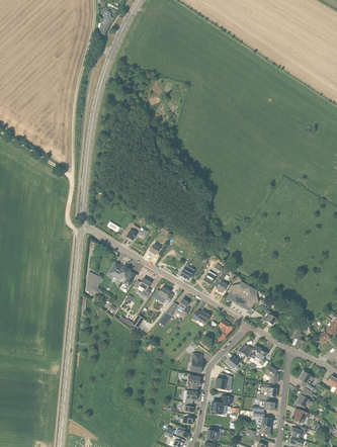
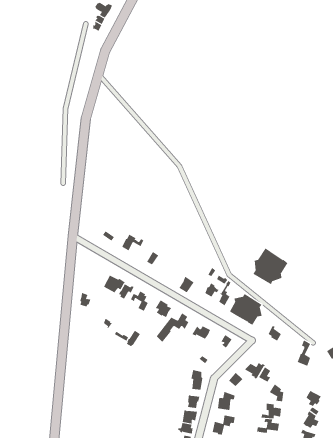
building: none -> [253,248,288,285]

